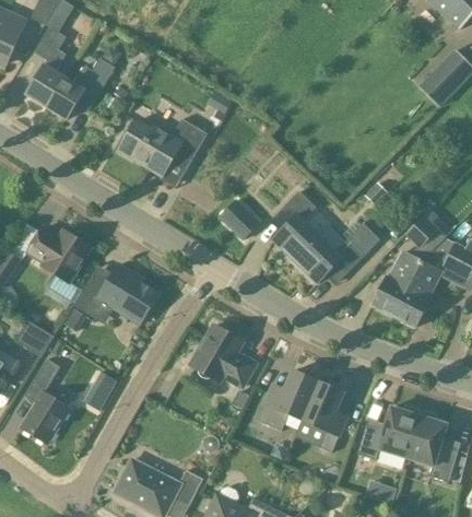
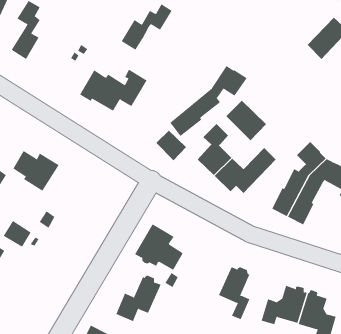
building: [47,57,116,119] -> [121,3,173,50]
building: none -> [169,65,248,137]
building: none -> [225,100,267,141]
building: [73,265,158,324] -> none
building: [21,359,70,444] -> none
building: [258,368,319,431] -> [116,275,162,322]
building: [83,371,118,411] -> none

